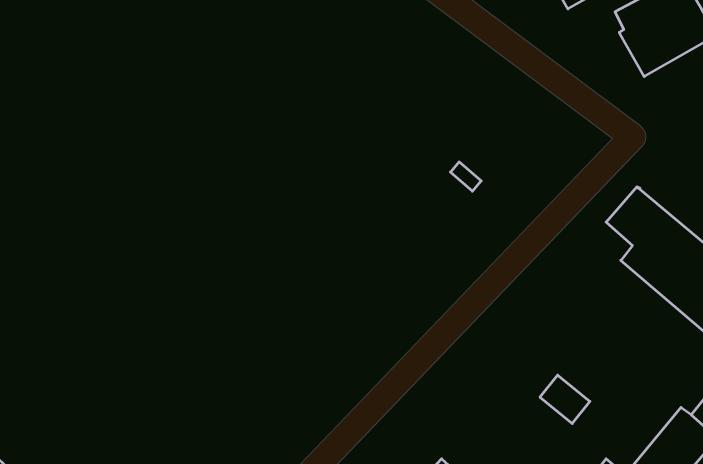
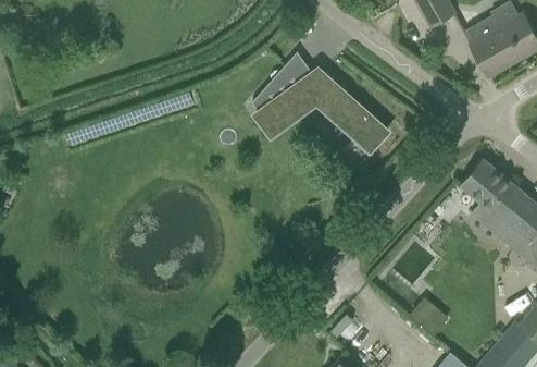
building: none -> [252,62,387,151]

